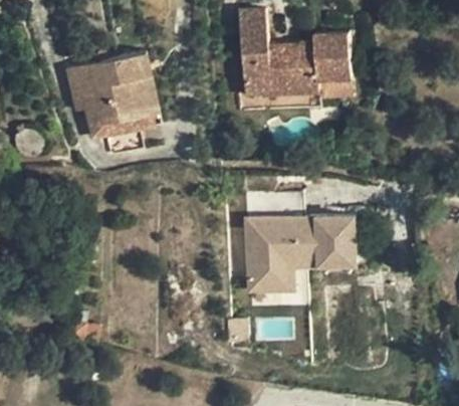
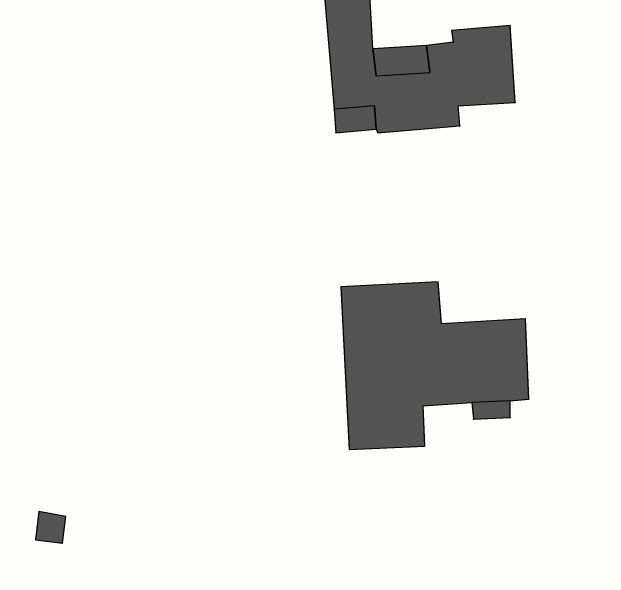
building: [80,55,159,158] -> none

